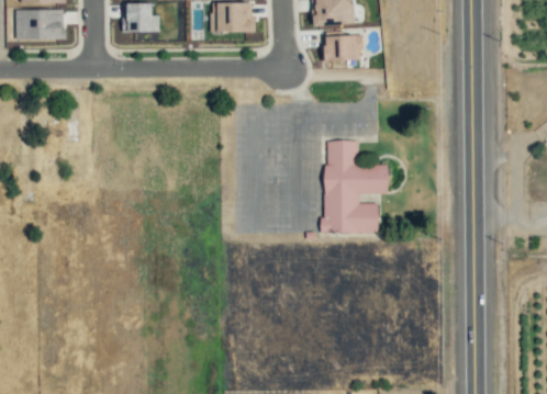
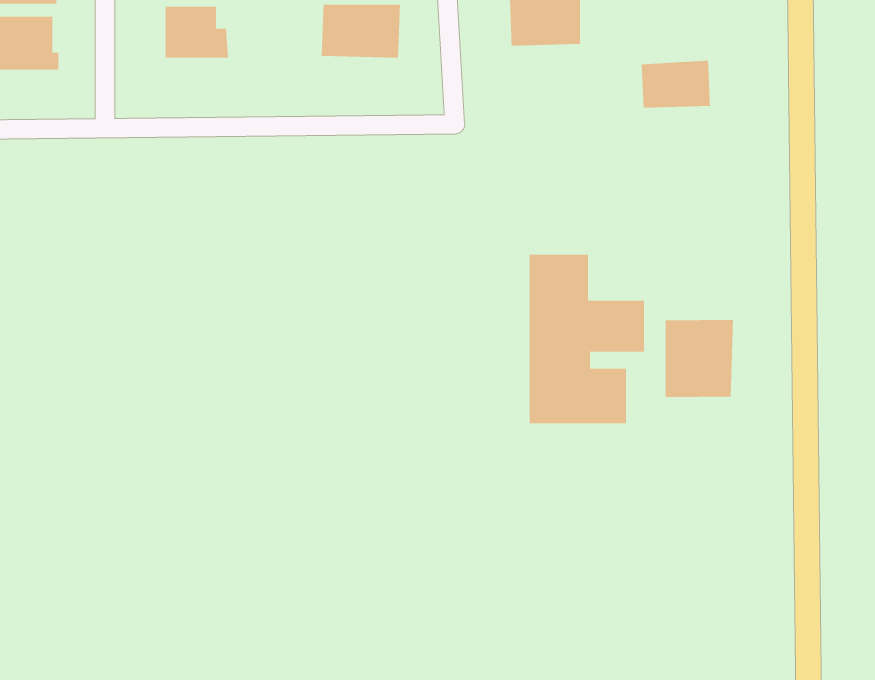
building: [324,35,362,61] -> [641,60,711,108]
building: none -> [665,319,734,398]

